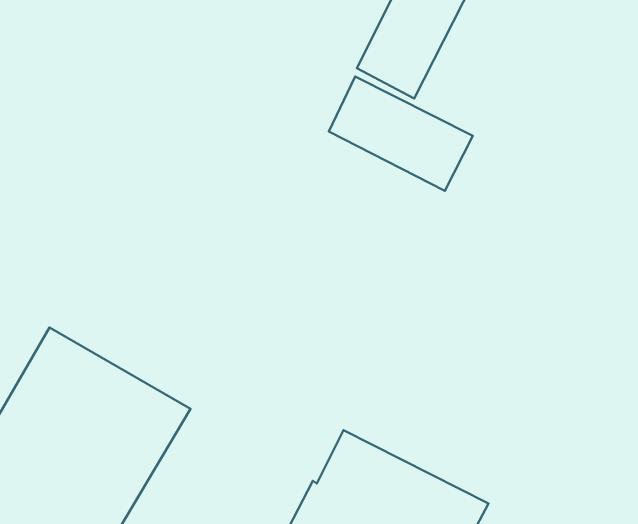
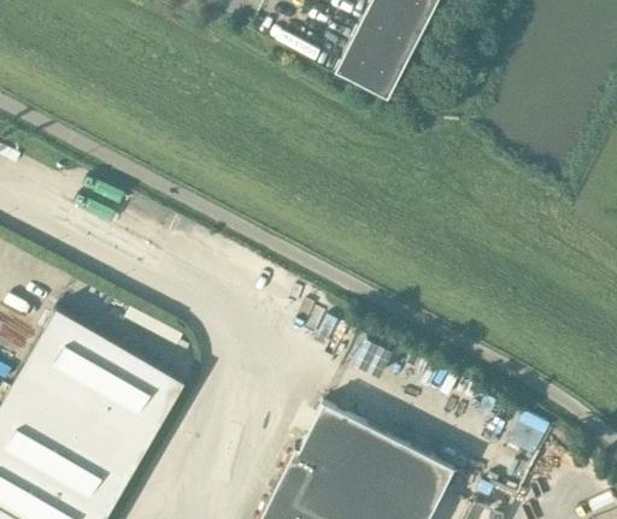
building: [329,76,473,191] -> none

